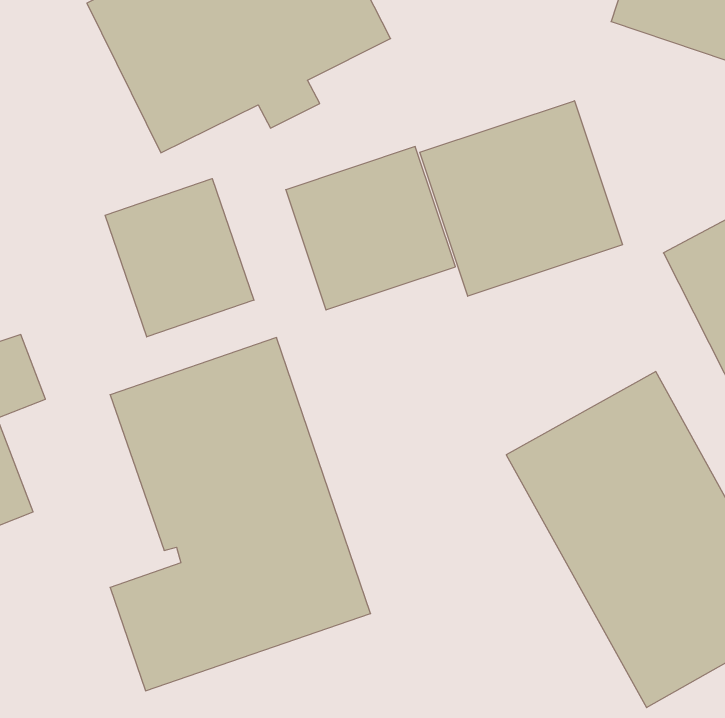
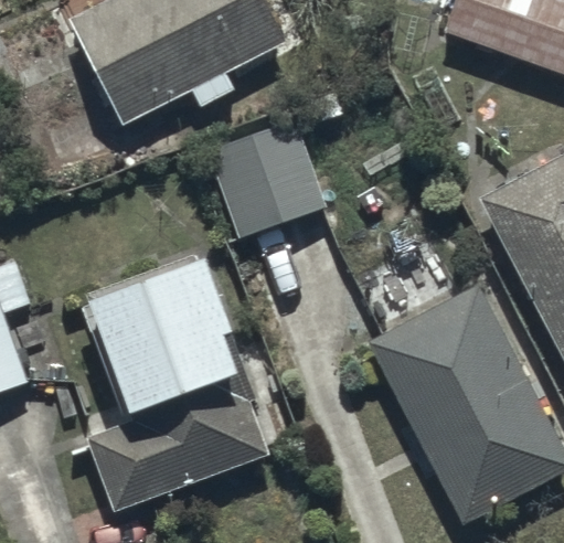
building: [420,101,622,296] -> none
building: [105,179,254,337] -> none

